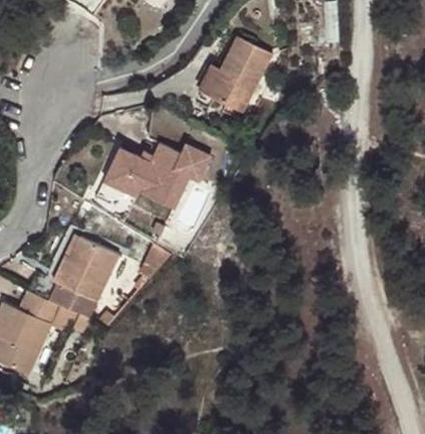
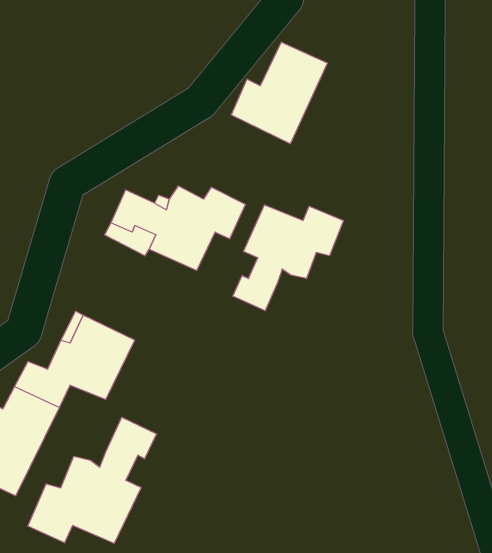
building: none -> [233,205,343,311]
building: none -> [28,417,157,544]

